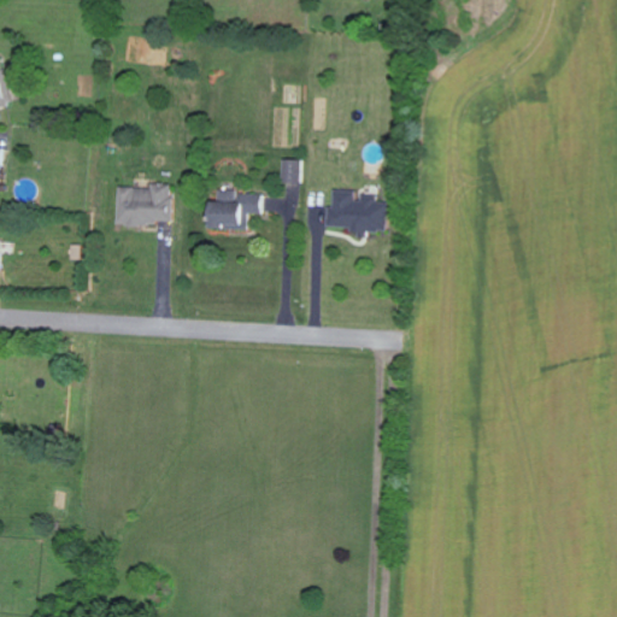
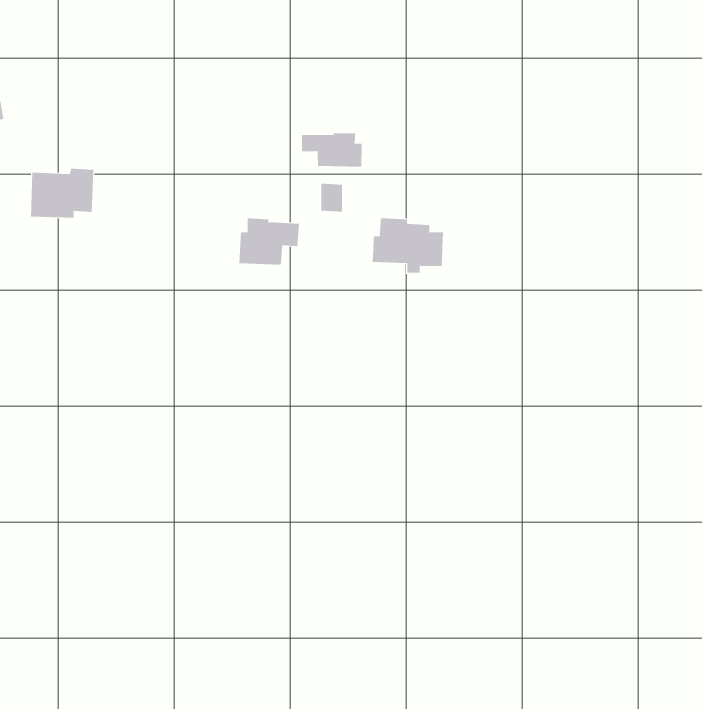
building: none -> [301,132,362,167]
building: [113,183,169,227] -> [30,168,94,218]

